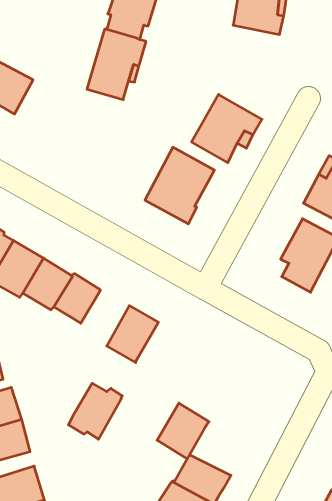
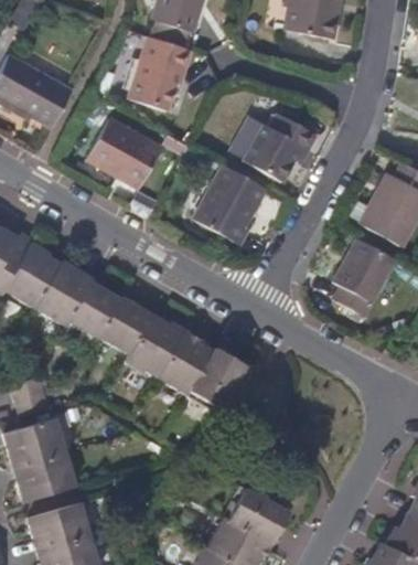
building: none -> [92,117,163,186]
building: [68,383,122,439] -> [121,315,179,374]
building: [157,403,209,459] -> [185,349,240,408]

